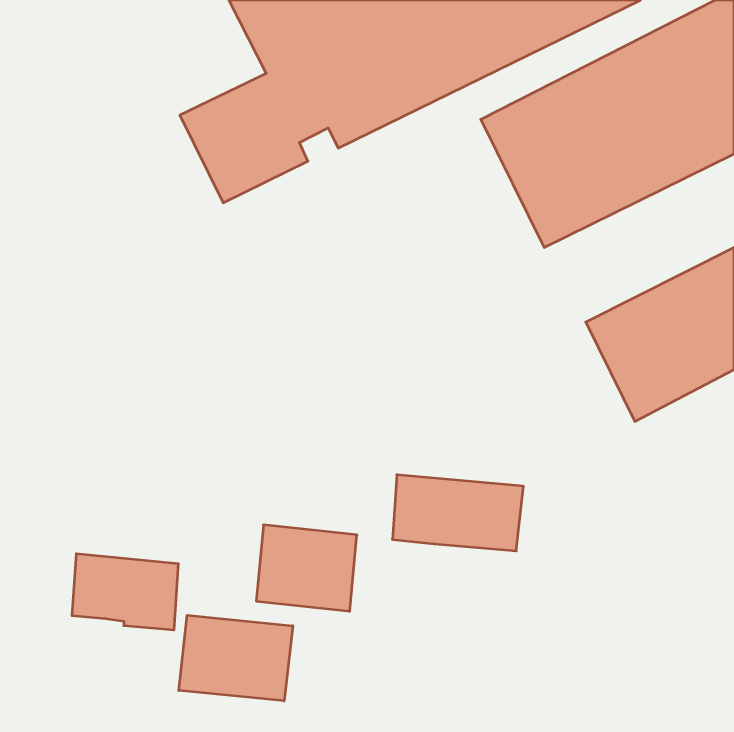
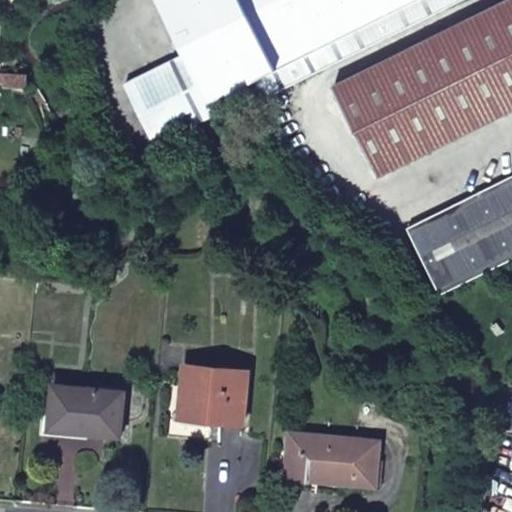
building: [392,475,523,551] -> [287,435,378,488]
building: [179,615,293,701] -> none

